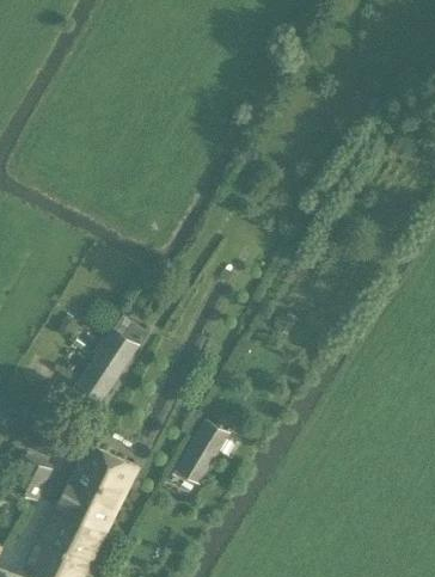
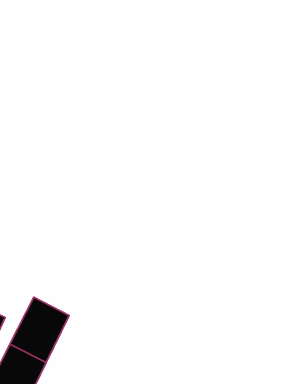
building: [75,317,146,404] -> none
building: [178,423,227,484] -> none

